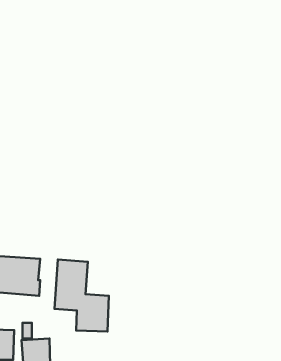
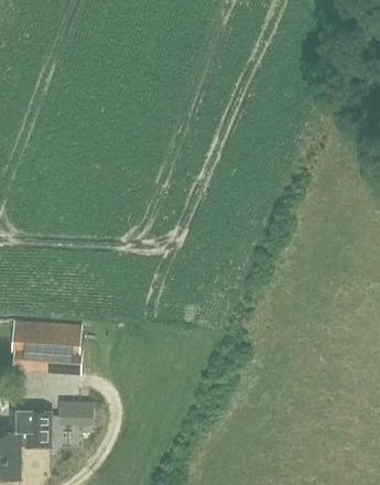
building: [54,260,109,332] -> none

